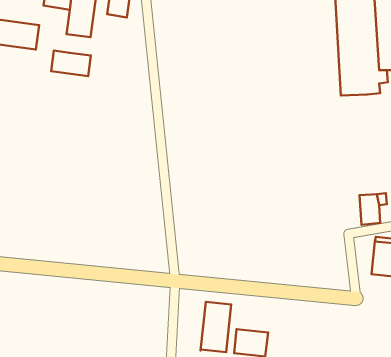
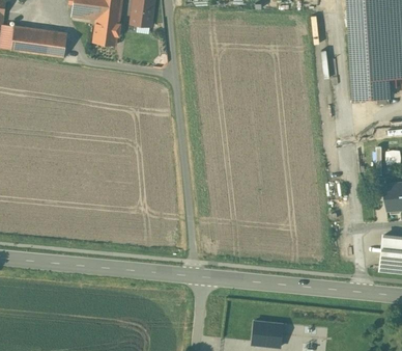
building: [51,51,91,76] -> none
building: [201,302,231,352] -> none

